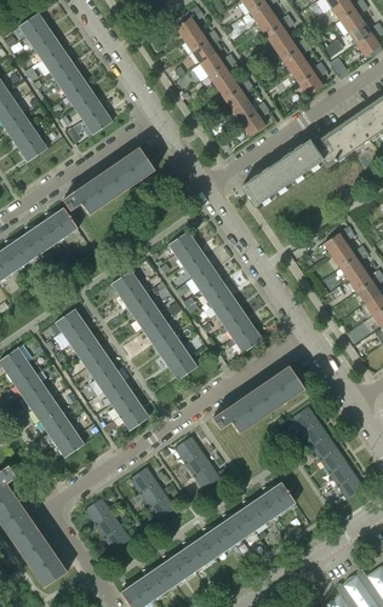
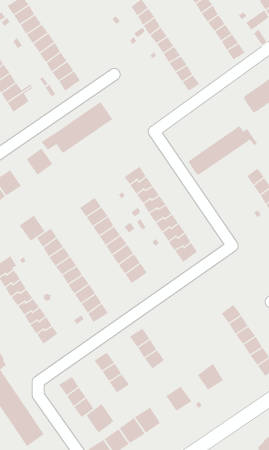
building: [242,141,332,205] -> [188,125,258,176]
building: [23,222,57,256] -> [19,215,46,242]
building: [212,365,304,434] -> none
building: [240,497,274,529] -> none
building: [201,523,234,557] -> none
building: none -> [86,403,114,433]

